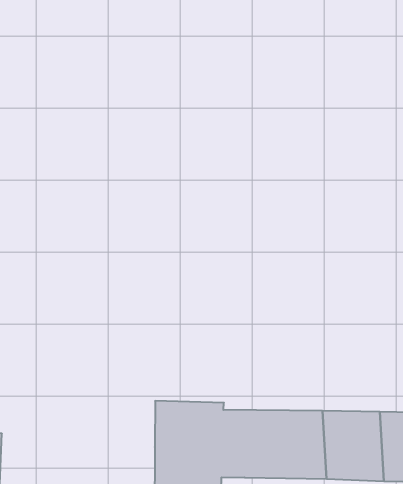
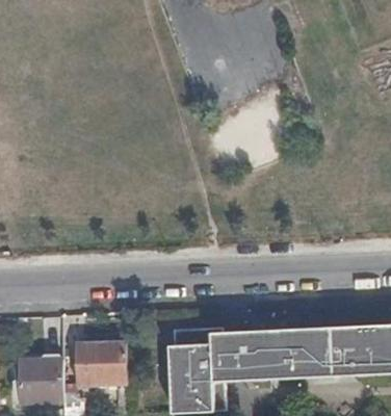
building: none -> [73,340,125,385]

